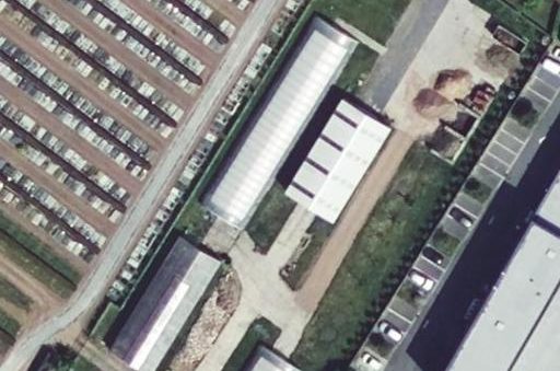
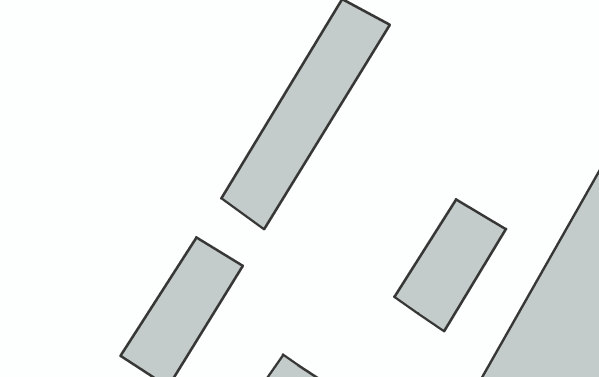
building: [289,101,392,222] -> [394,199,506,331]

